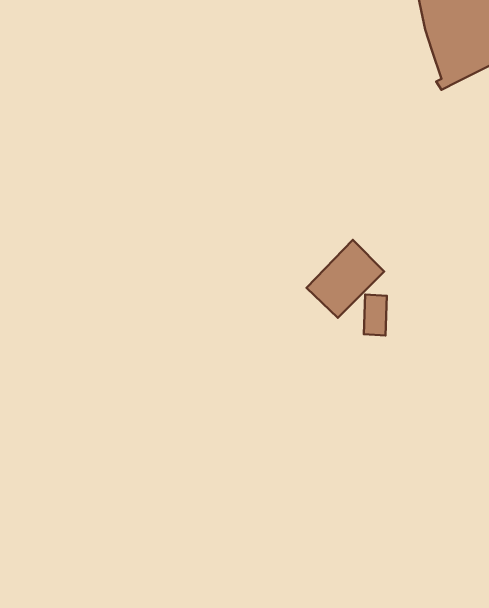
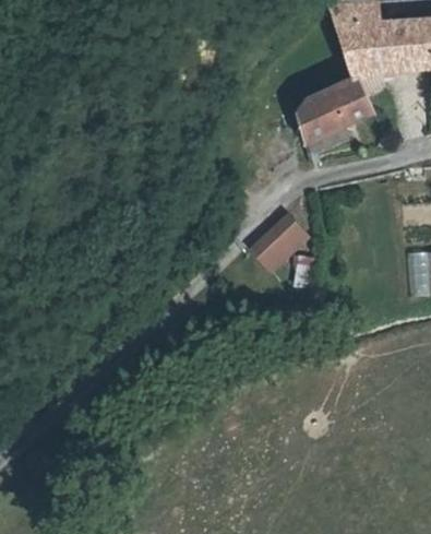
building: none -> [300,82,379,142]

